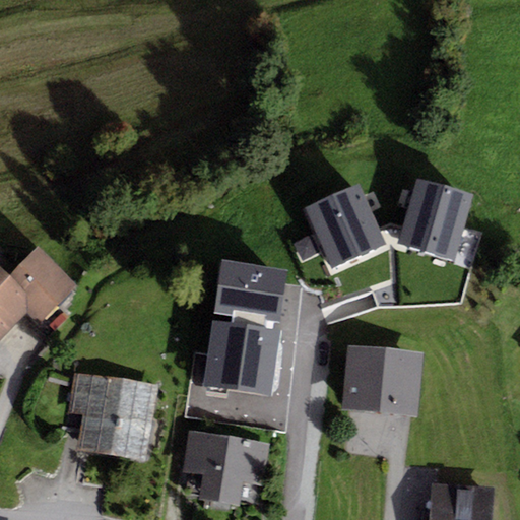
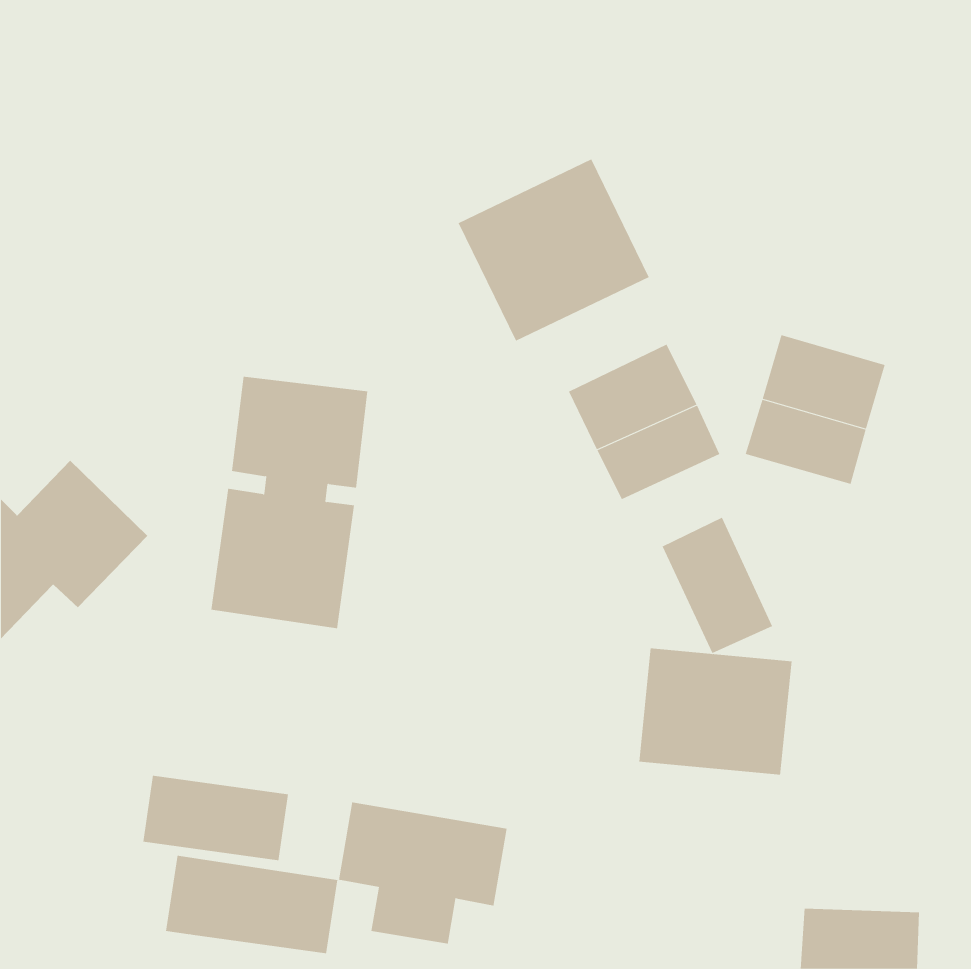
building: none -> [458,158,650,342]
building: [203,261,287,396] -> [210,376,368,629]
building: none -> [662,517,773,654]
building: [68,372,160,425] -> [165,855,338,954]

